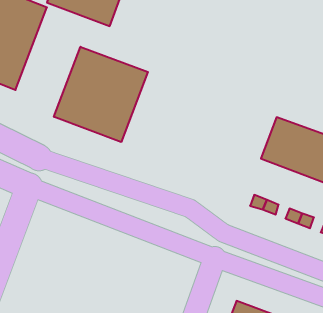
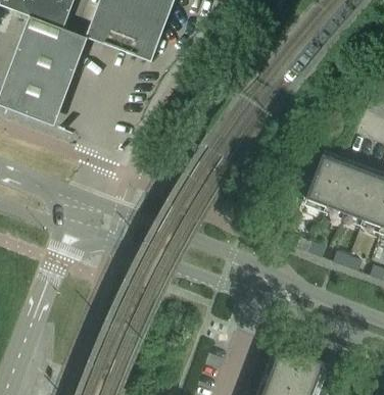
building: [54,47,148,142] -> none

